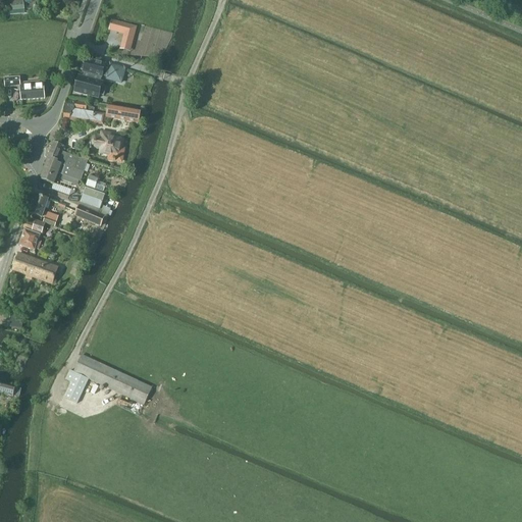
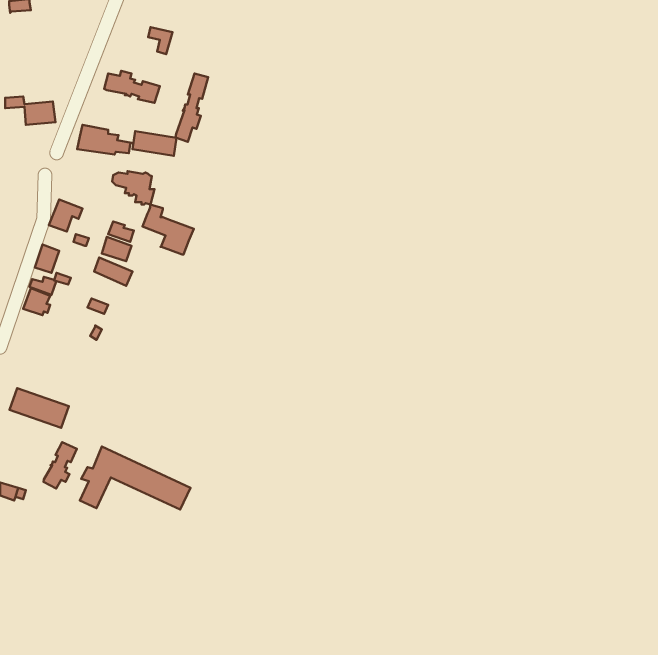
building: none -> [176,74,208,142]
building: [74,71,107,98] -> none
building: [47,141,88,180] -> [142,204,194,255]
building: [11,252,58,283] -> [10,388,69,428]
building: none -> [43,442,77,489]

